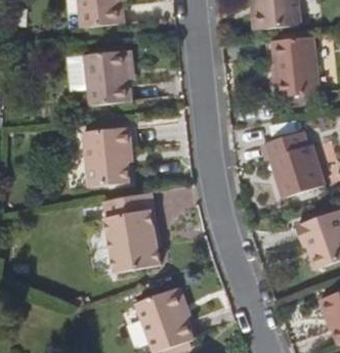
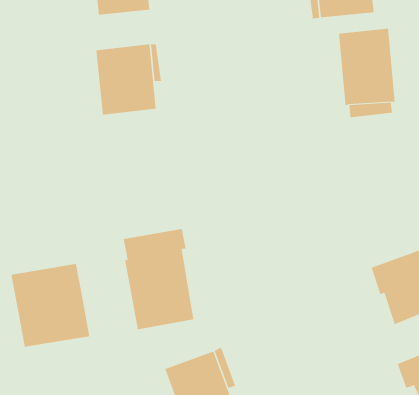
building: [80,128,128,186] -> none
building: [265,131,324,200] -> none
building: none -> [11,263,90,348]

